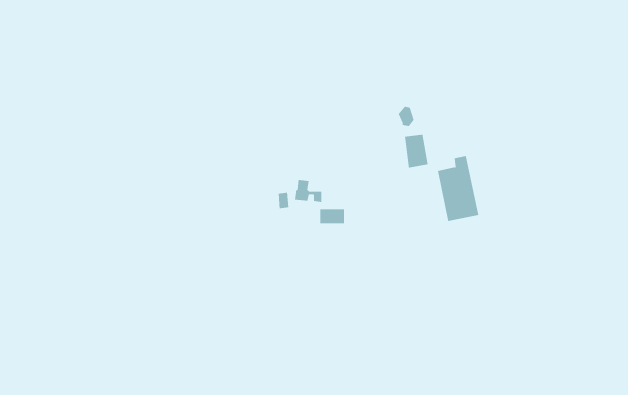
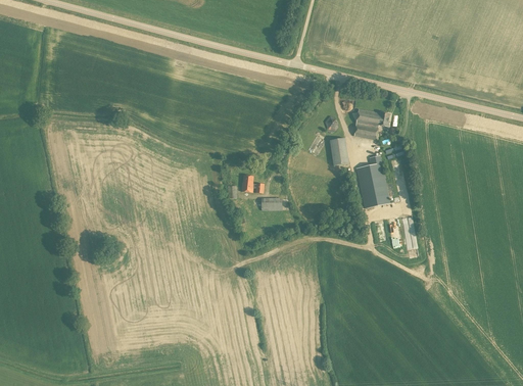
building: none -> [353,109,388,140]

